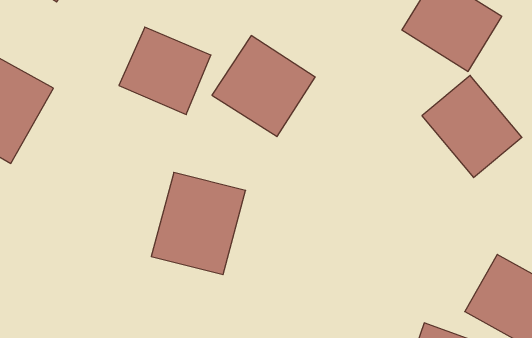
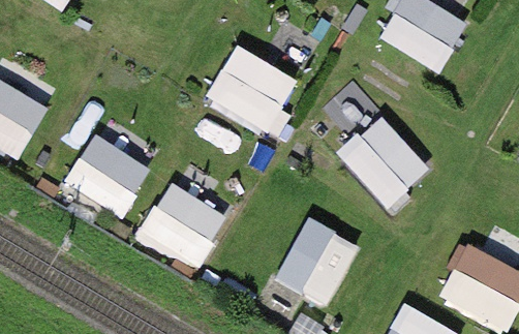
building: [119,27,211,115] -> [65,136,150,217]
building: [422,75,522,178] -> [337,115,429,209]
building: none -> [275,217,361,307]

